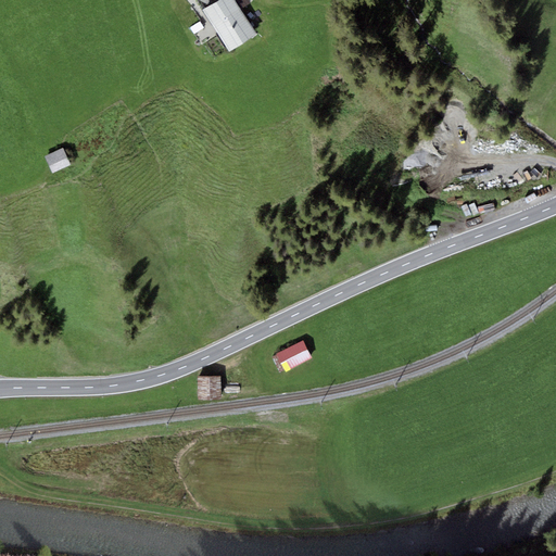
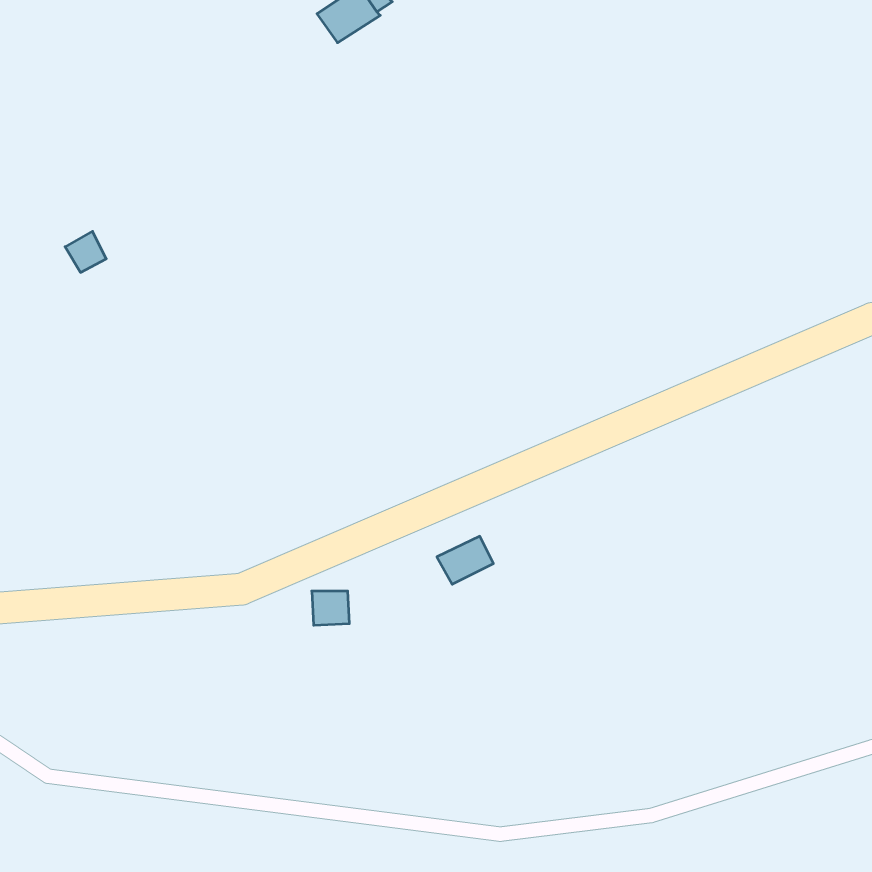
building: [214,10,255,50] -> none

